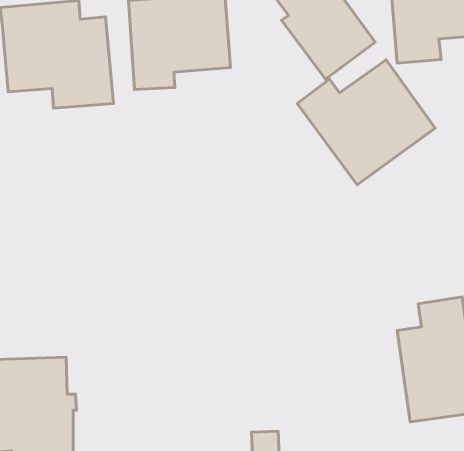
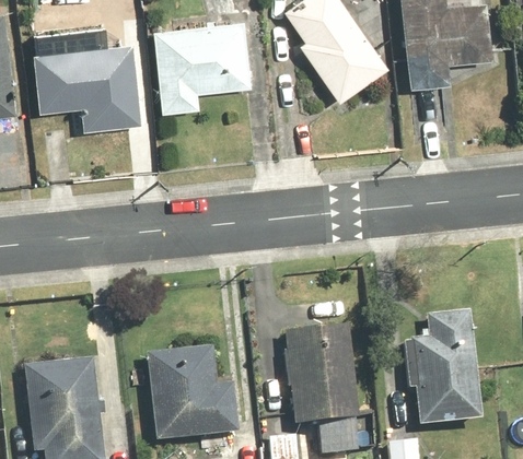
building: [297,60,435,185] -> none
building: none -> [286,325,363,425]
building: none -> [143,346,237,440]

